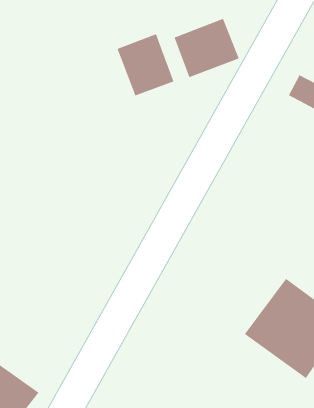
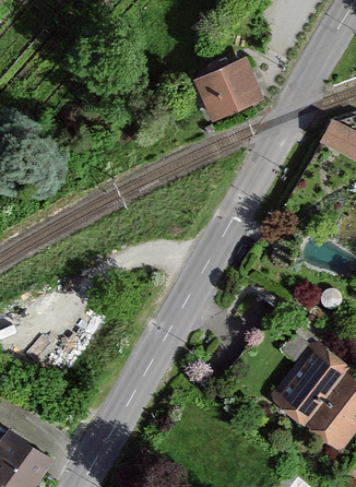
building: [117,33,174,97] -> none

